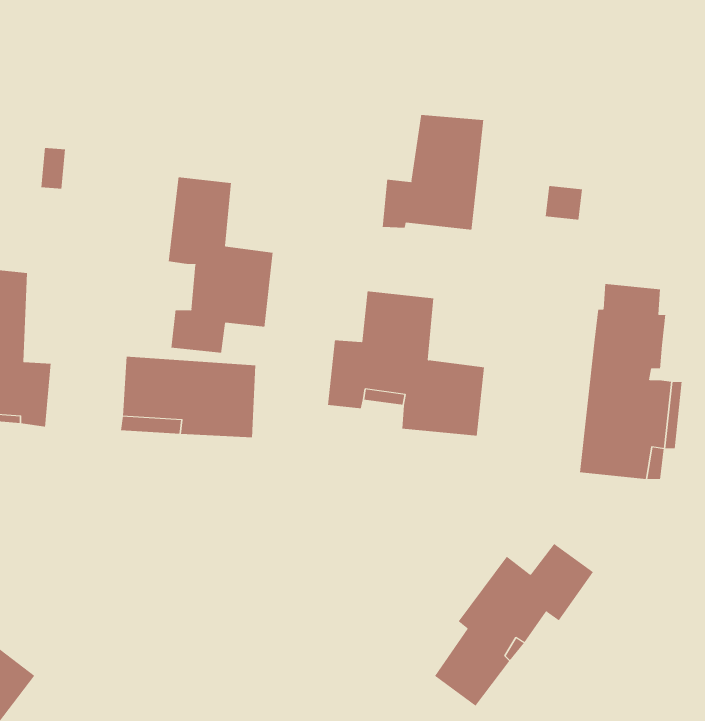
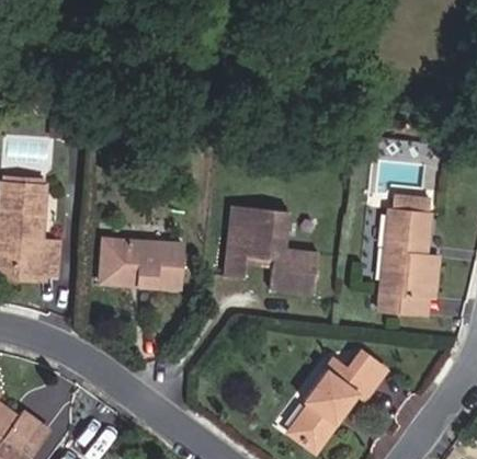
building: [382,114,484,230] -> none
building: [168,176,273,354] -> none

